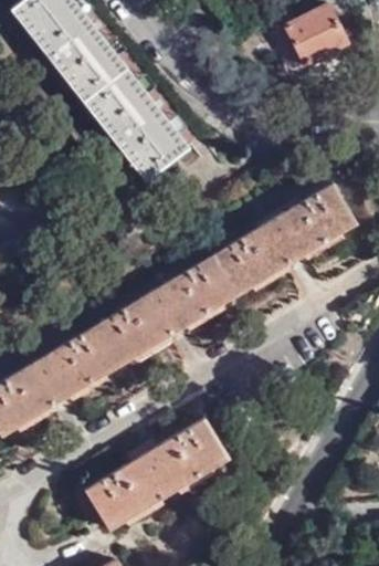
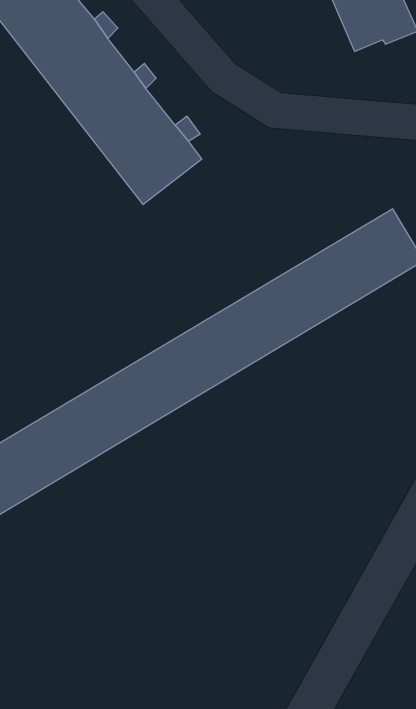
building: [86,419,229,528] -> none

